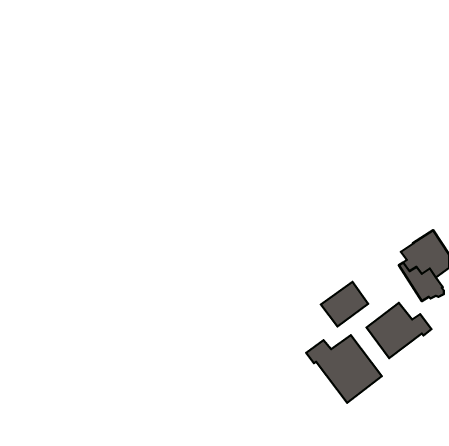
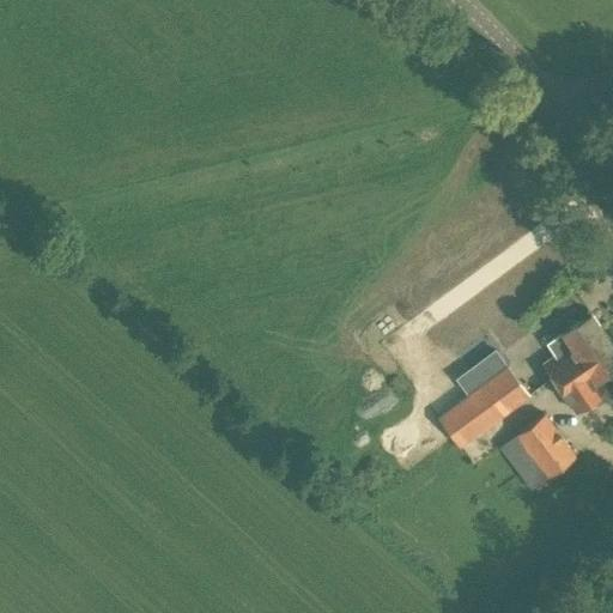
building: none -> [471,354,530,418]
building: [306,335,382,403] -> none

